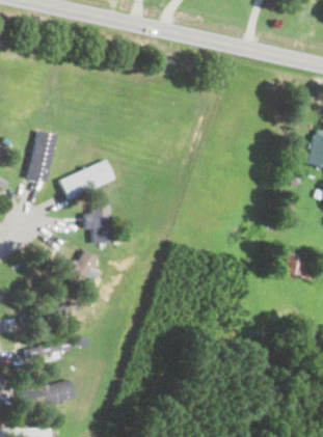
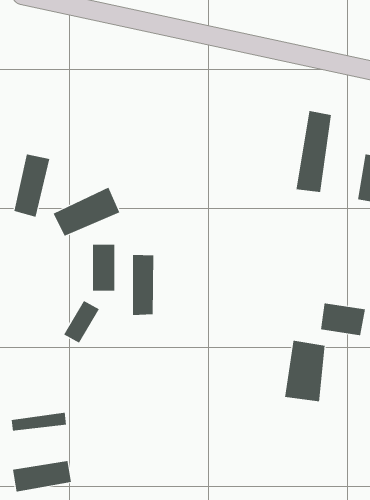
building: none -> [296,110,332,193]
building: none -> [132,254,154,316]
building: none -> [284,340,325,402]

